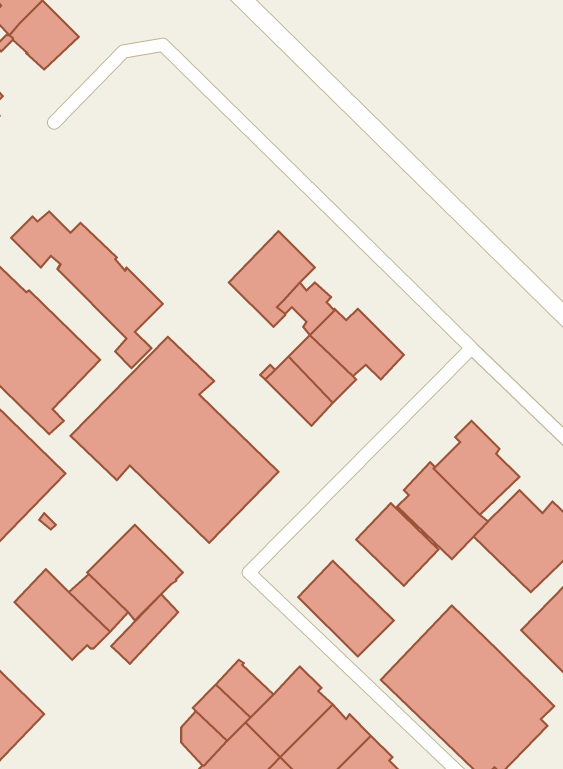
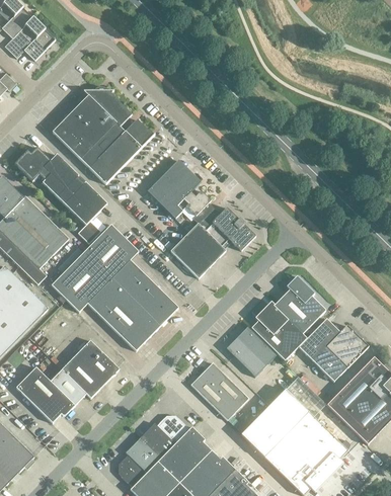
building: none -> [52,86,155,183]
building: [111,594,178,664] -> none
building: none -> [156,415,189,443]

